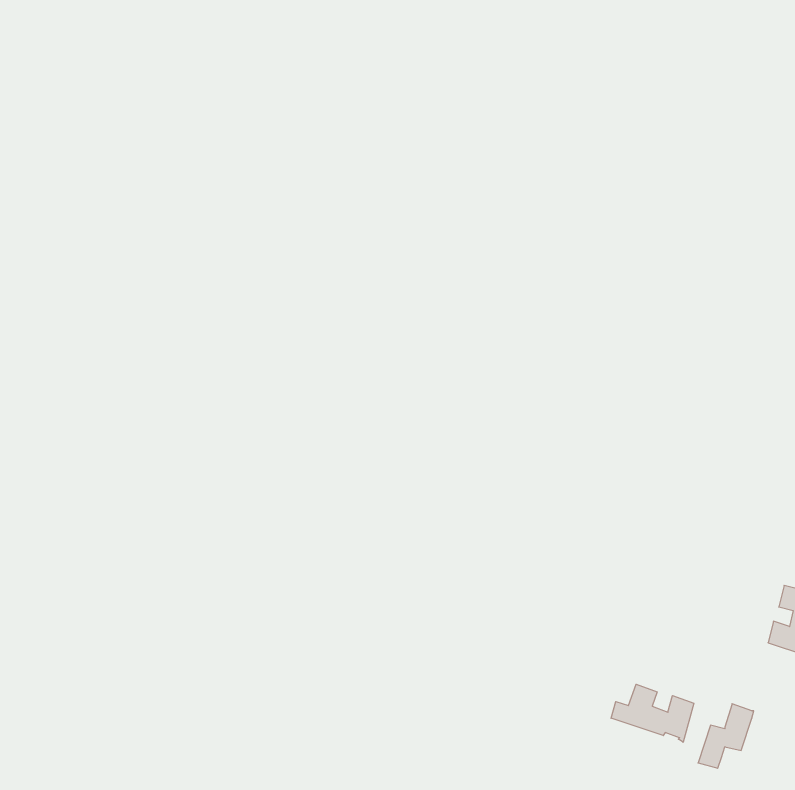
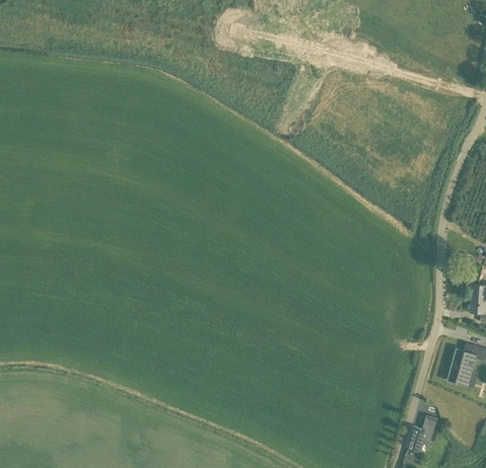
building: [611,684,694,742] -> none

